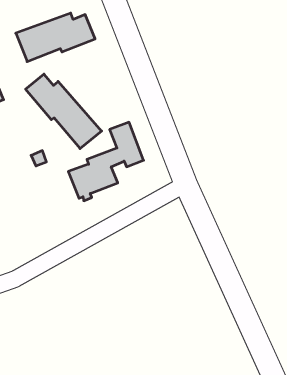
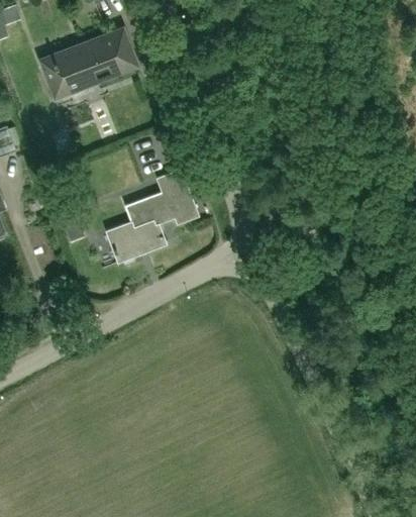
building: [26,74,102,149] -> none

